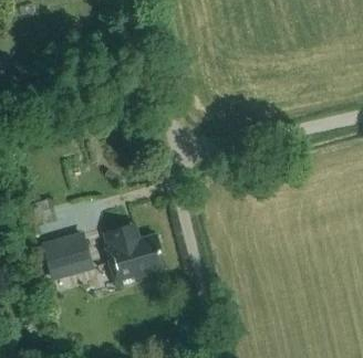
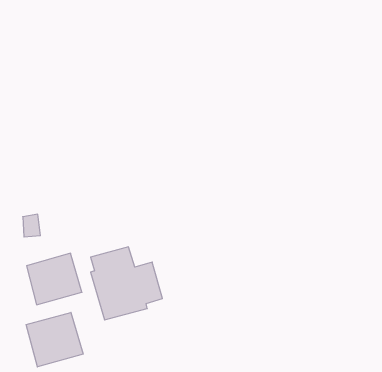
building: none -> [26,312,83,367]

